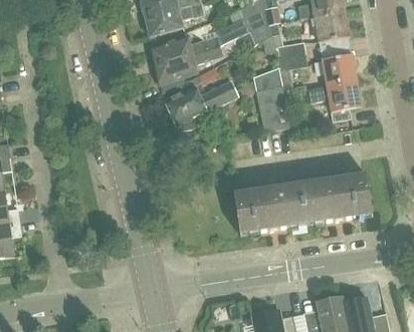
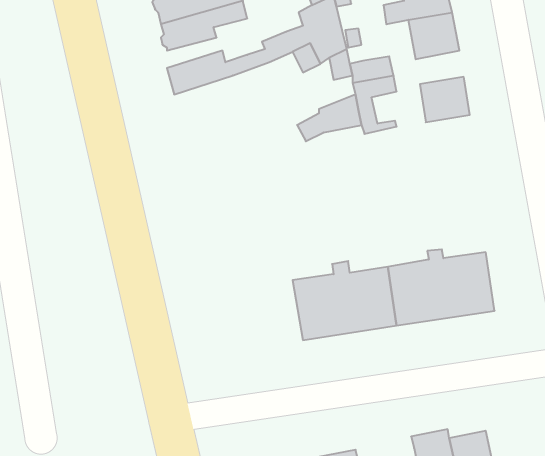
building: [153,44,220,83] -> none
building: [306,80,361,120] -> none
building: [163,81,233,129] -> none
building: [255,87,290,129] -> none

